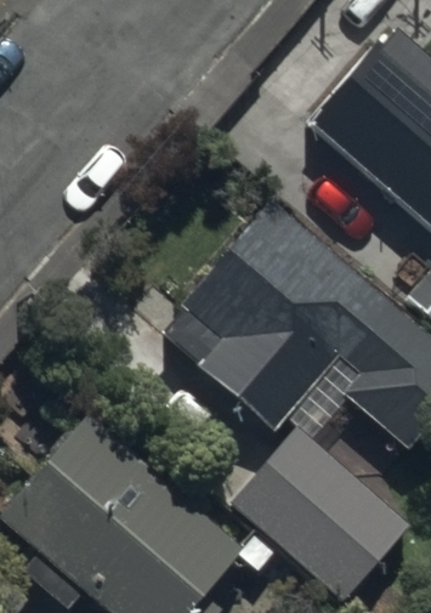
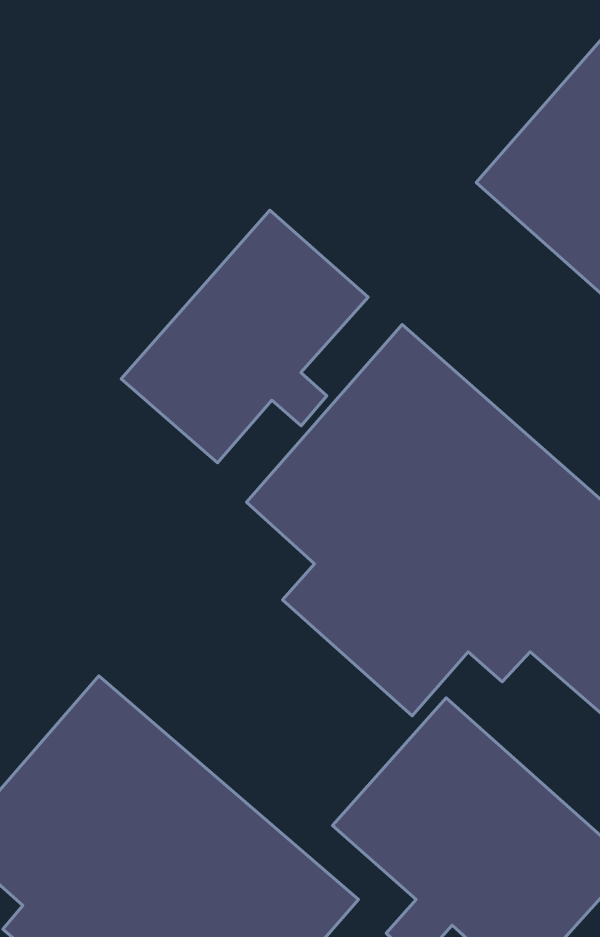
building: none -> [121,210,368,463]

